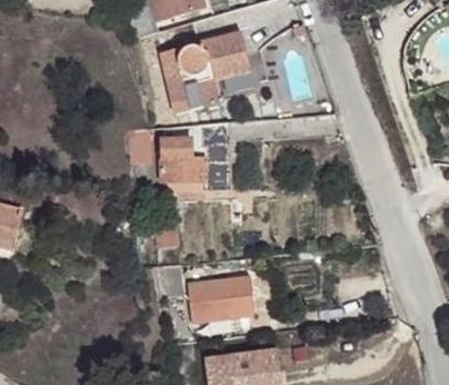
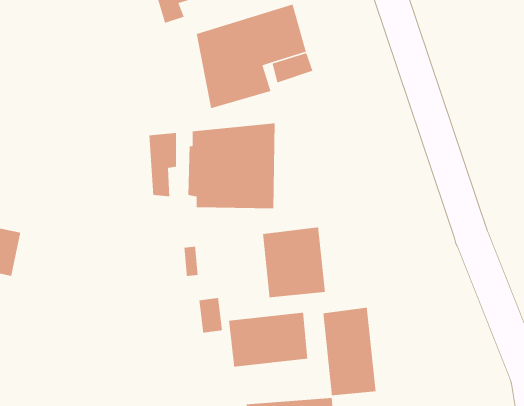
building: none -> [262,227,326,298]
building: none -> [322,307,377,396]

